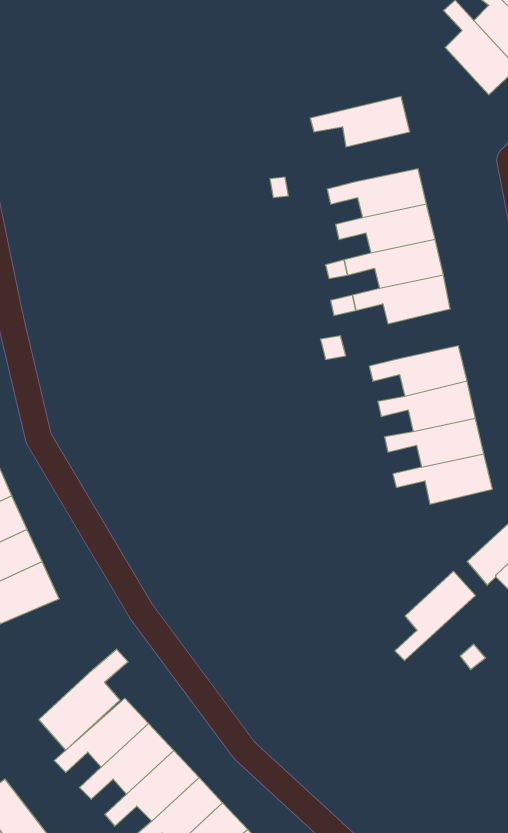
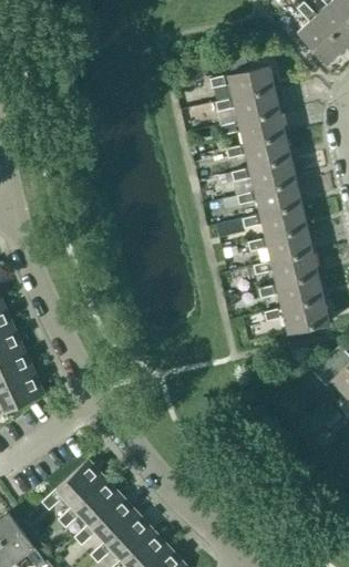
building: none -> [215,87,280,121]
building: none -> [243,204,307,237]
building: [395,571,475,661] -> none
building: [39,649,128,750] -> none

